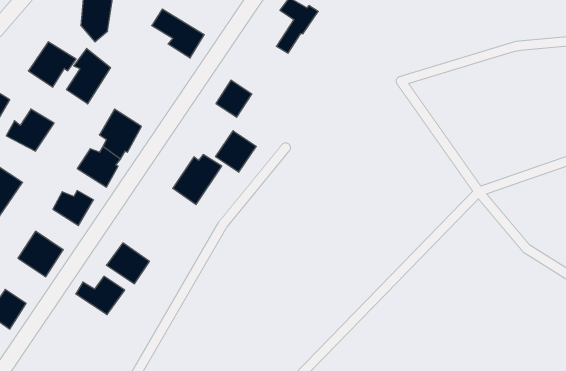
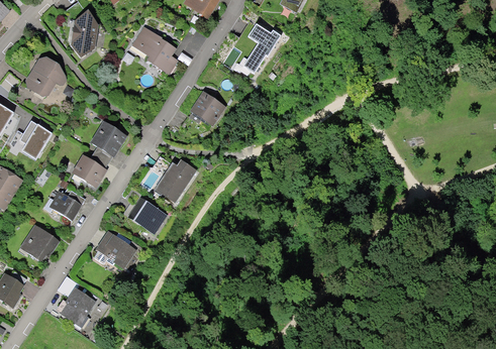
building: [67,48,110,104] -> none
building: [216,131,256,172] -> none
building: none -> [130,201,163,231]
building: [76,276,125,315] -> [51,292,93,325]

